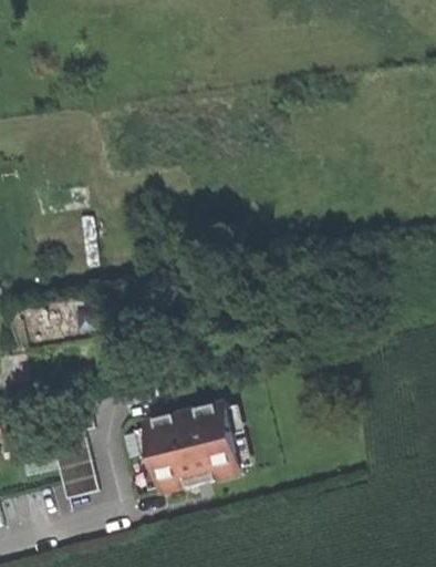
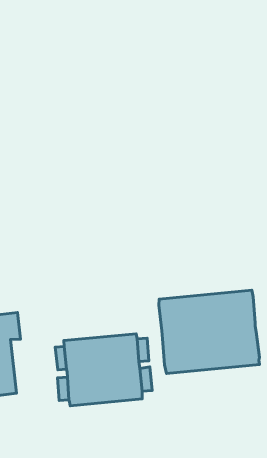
building: none -> [159,290,259,374]

